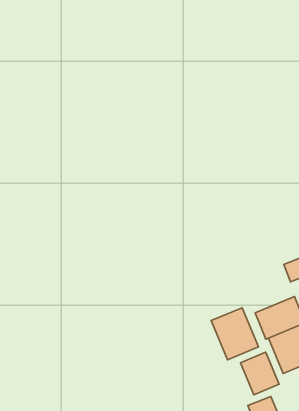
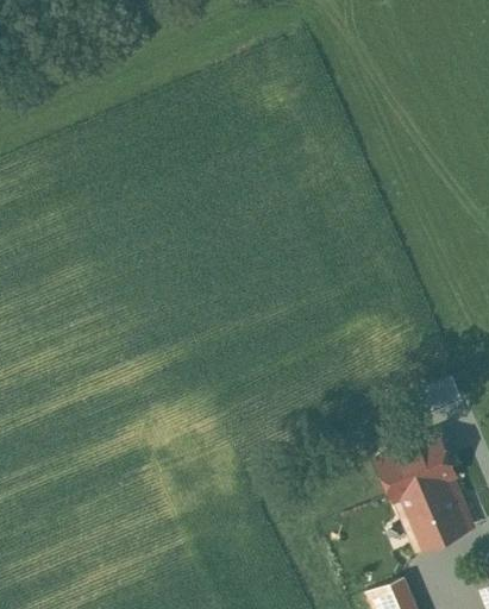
building: [211,308,259,360] -> none
building: [241,352,279,395] -> none

